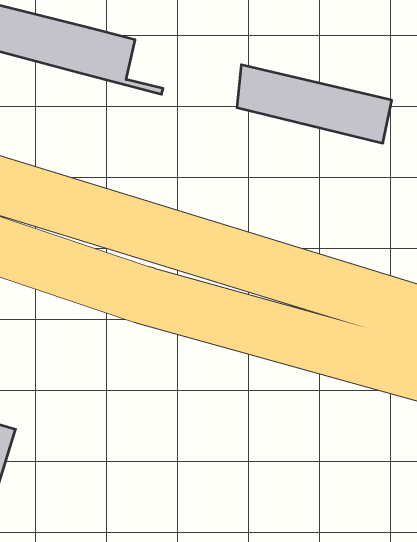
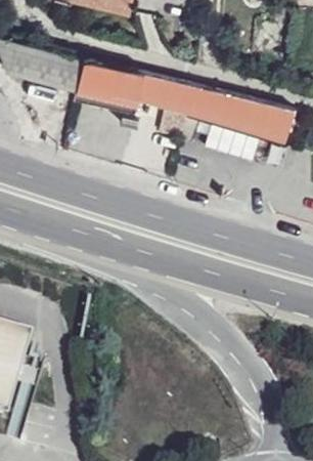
building: none -> [108,68,188,115]

